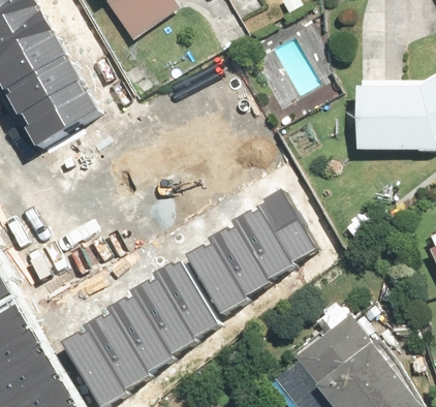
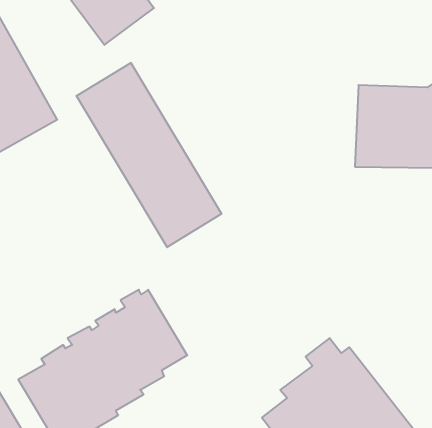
building: none -> [76,63,221,247]
building: [182,192,312,318] -> none

